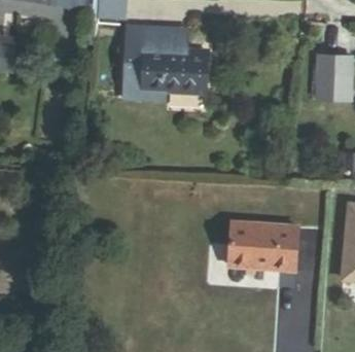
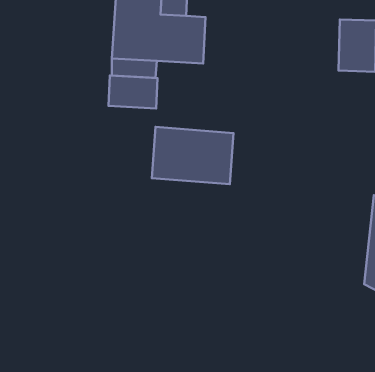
building: none -> [108,75,158,108]
building: [228,225,297,274] -> [152,127,234,184]

